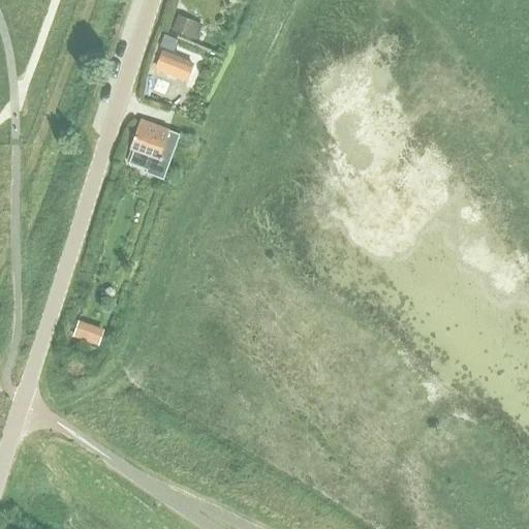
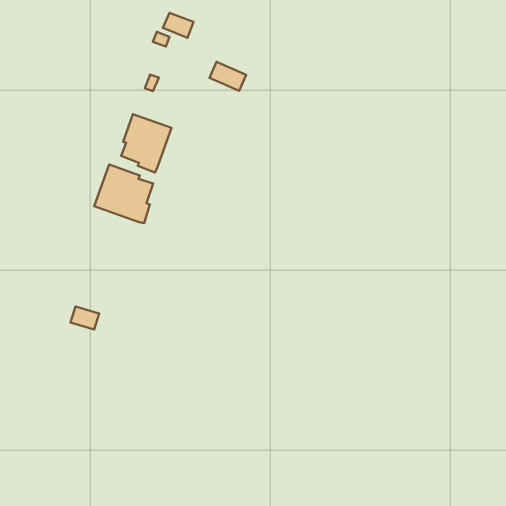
building: [156,50,194,80] -> [209,62,246,91]
building: none -> [94,164,153,223]

